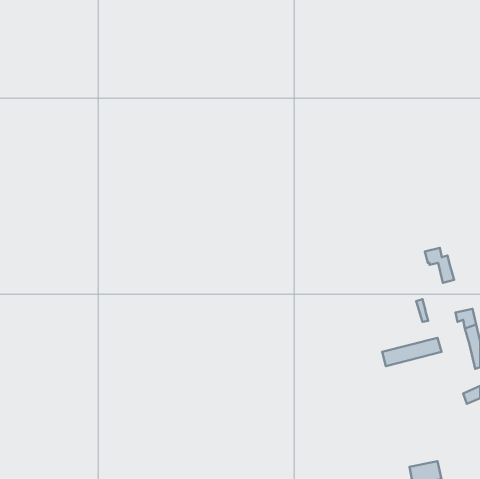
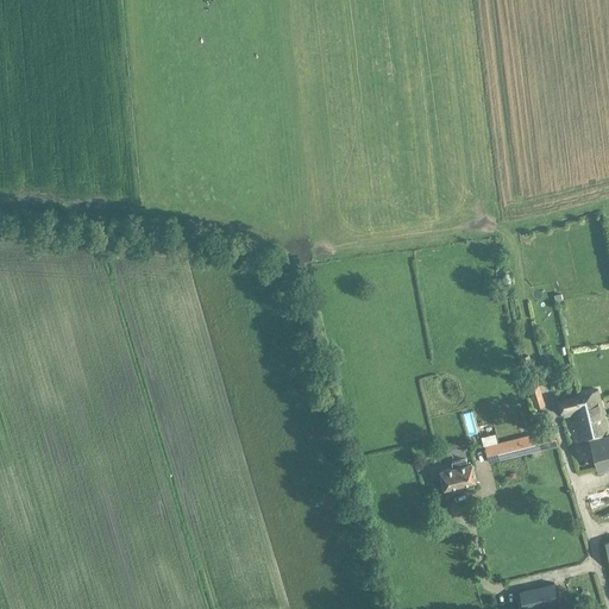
building: [425,248,454,283] -> [557,397,594,441]
building: none -> [439,462,473,491]

